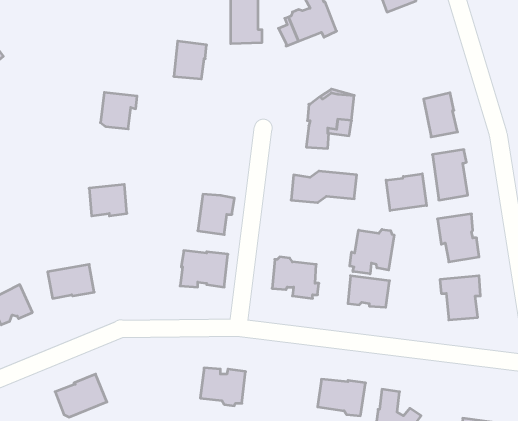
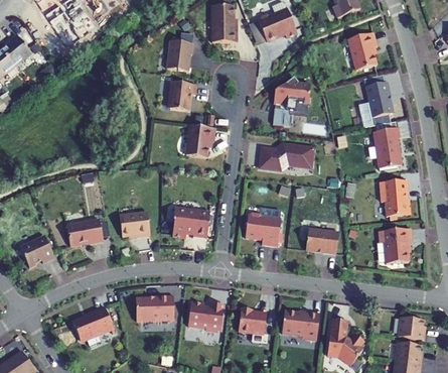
building: none -> [348,32,378,70]
building: [100,92,137,129] -> [168,82,197,111]
building: [386,174,427,211] -> none
building: [89,184,127,216] -> [120,212,150,237]
building: [198,194,234,235] -> [186,125,215,157]
building: [350,229,394,274] -> none
building: none -> [136,295,174,321]
building: none -> [240,307,267,333]
building: none -> [399,318,425,340]

